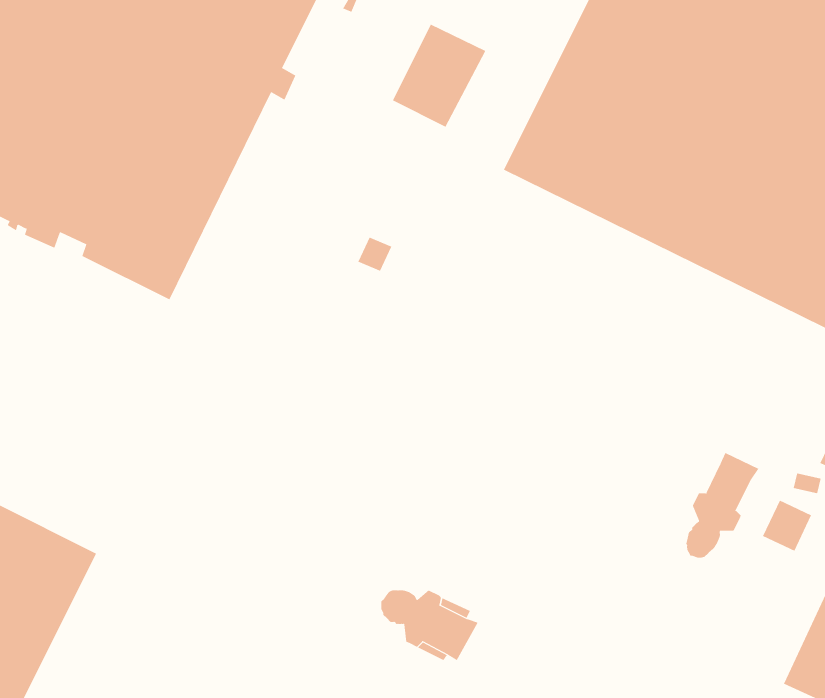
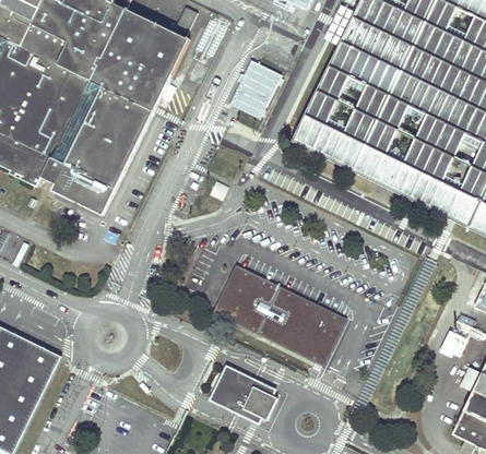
building: none -> [220,260,342,359]
building: [686,452,759,559] -> none

